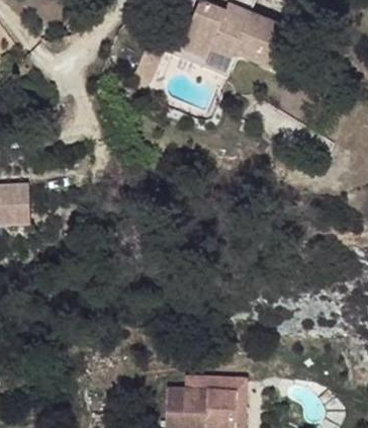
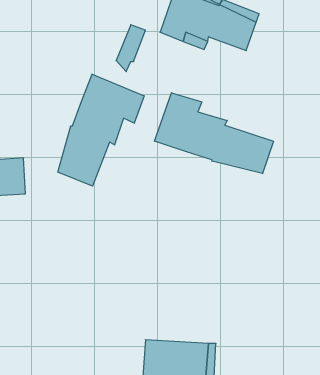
building: none -> [58,74,144,186]
building: none -> [154,93,274,174]

